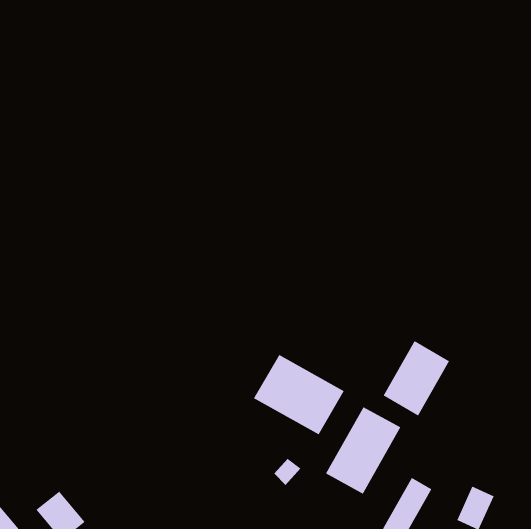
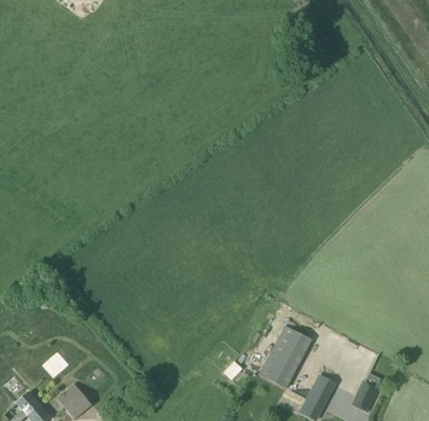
building: [383,340,450,416] -> none
building: [253,354,344,435] -> none

